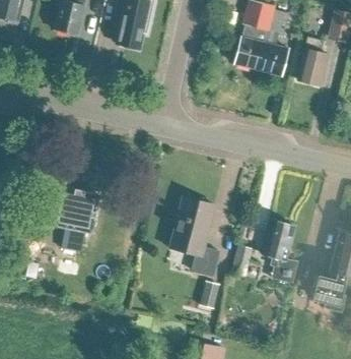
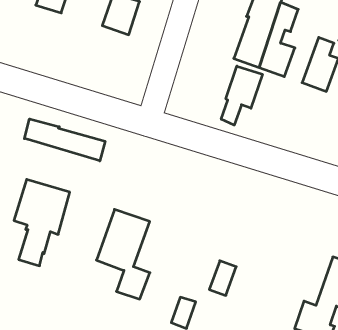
building: none -> [221,66,262,125]
building: none -> [24,119,105,161]
building: [171,196,220,275] -> [96,209,150,299]
building: [263,219,296,282] -> none

